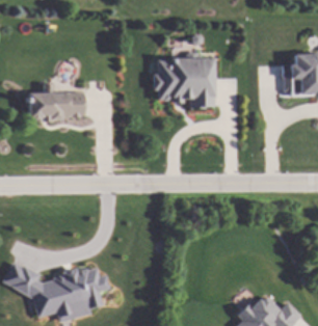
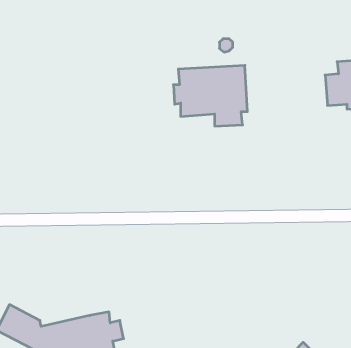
building: [27,83,83,117] -> none

